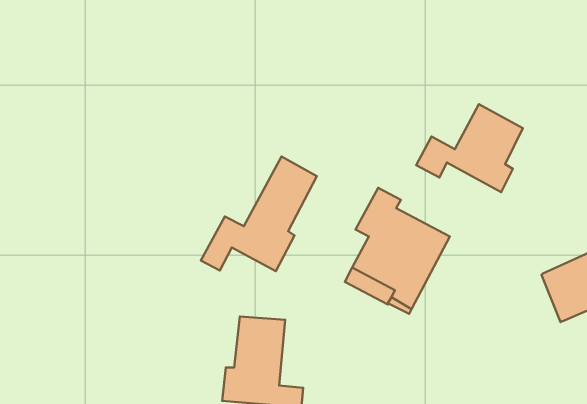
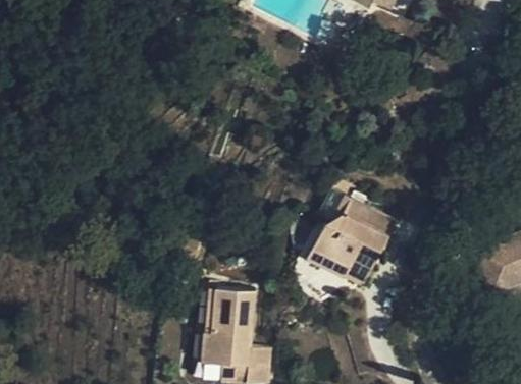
building: [416,104,523,192] -> none
building: [201,156,317,271] -> none

